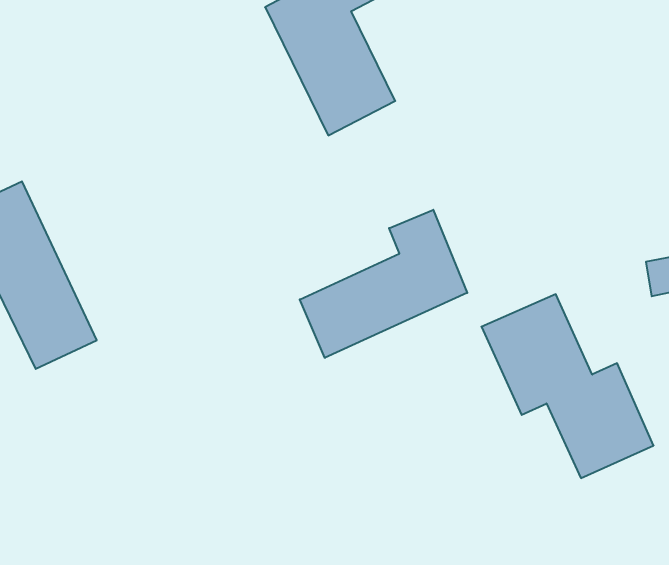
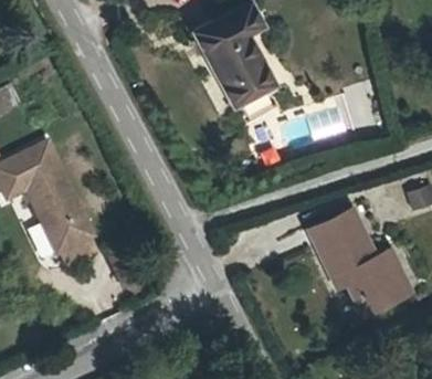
building: [300,210,467,358] -> none

